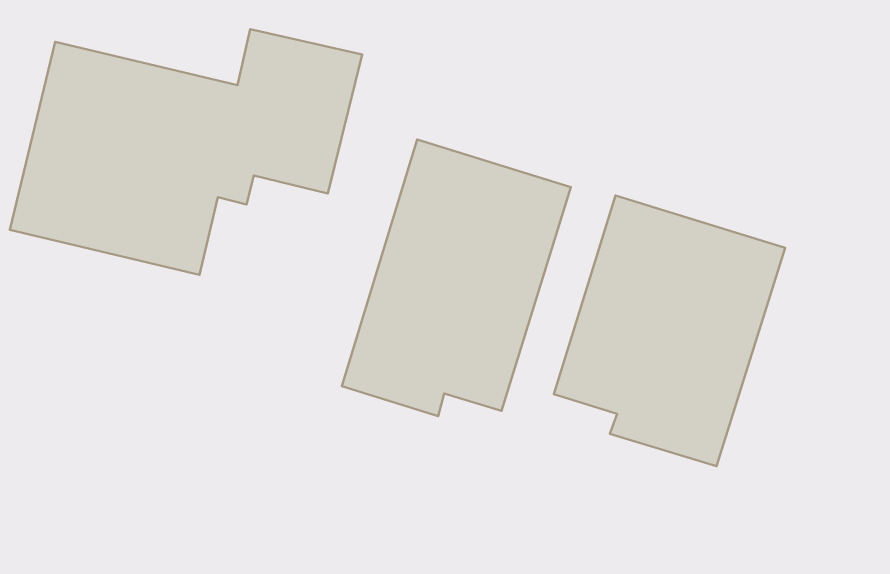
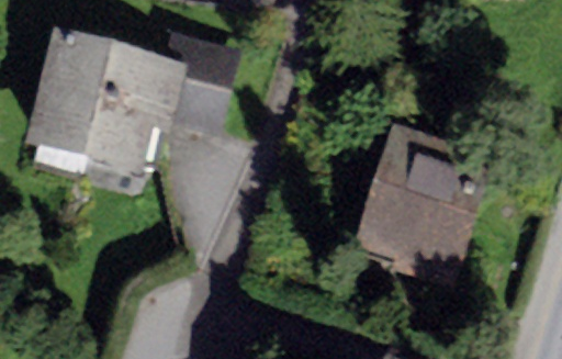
building: [342,140,571,416] -> none

